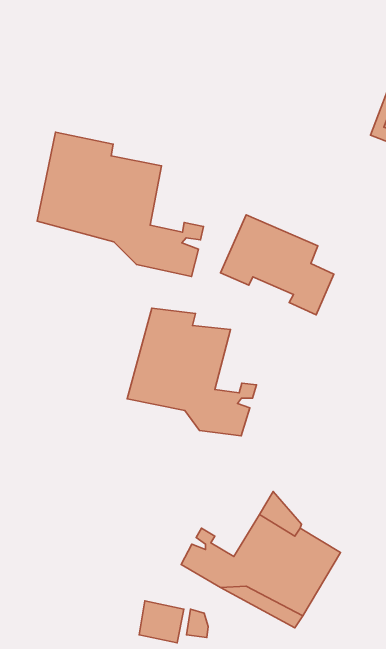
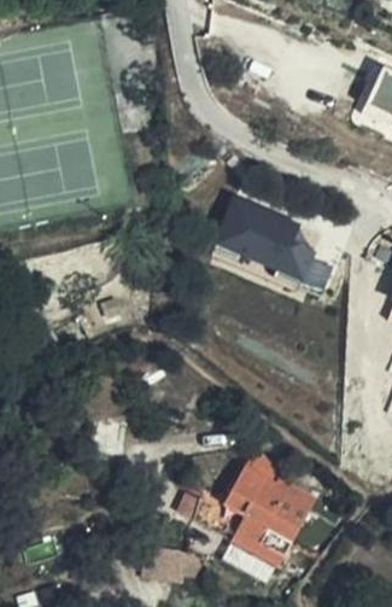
building: [37,132,203,277] -> none
building: [127,308,256,436] -> none

